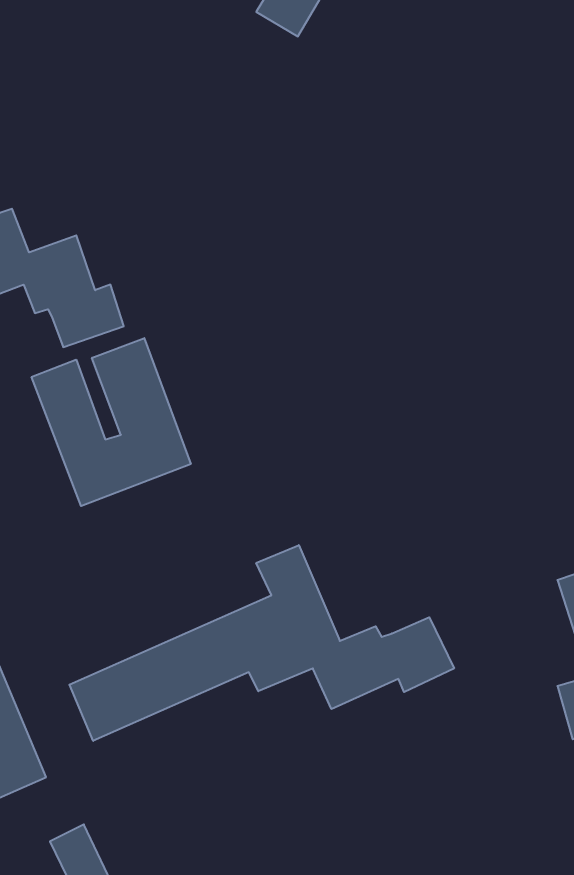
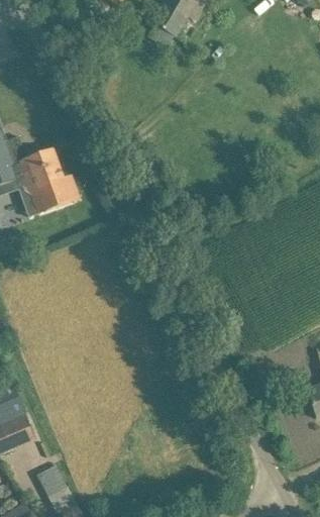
building: [32,338,191,506] -> none
building: [69,545,454,741] -> none

